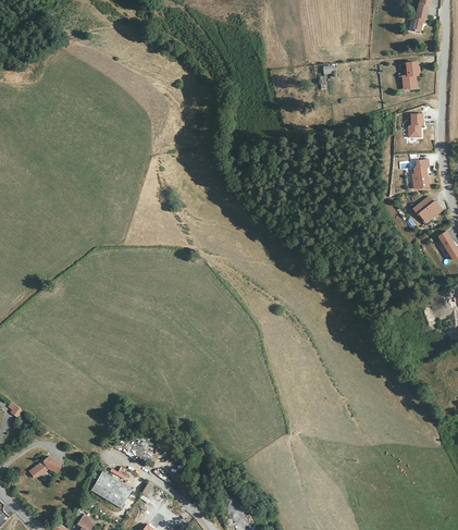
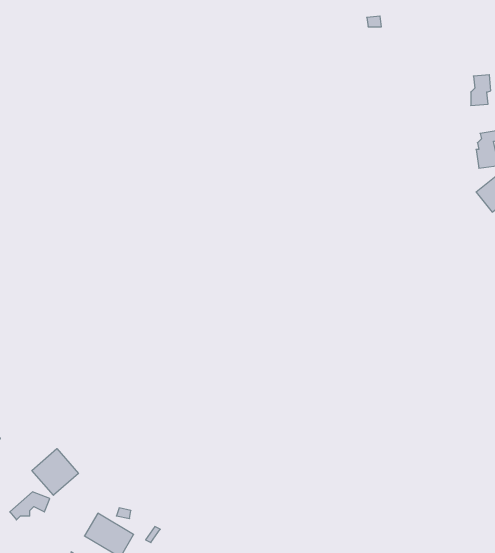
building: [400,62,422,90] -> none
building: none -> [32,449,78,495]

